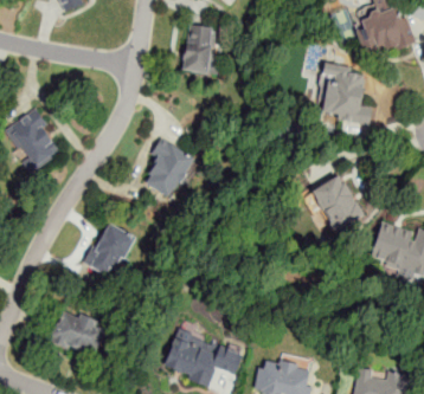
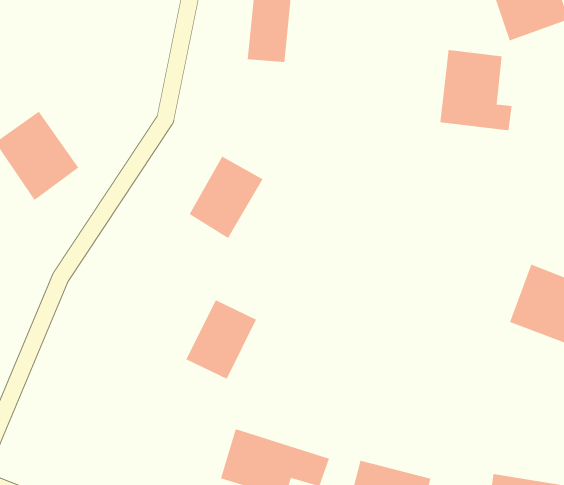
building: [303,160,365,232] -> none
building: [85,221,136,278] -> [186,299,257,379]
building: [52,309,104,354] -> none

